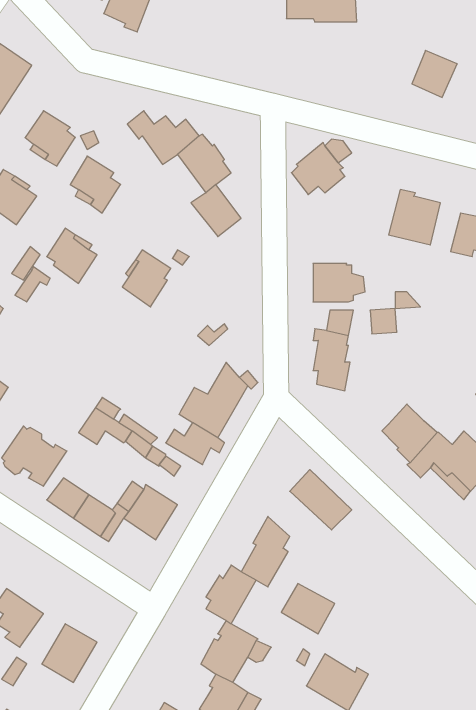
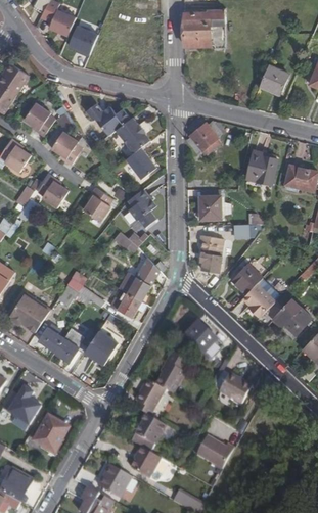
building: none -> [127,188,156,227]
building: none -> [231,263,262,293]
building: [281,584,335,634] -> [219,372,252,403]

